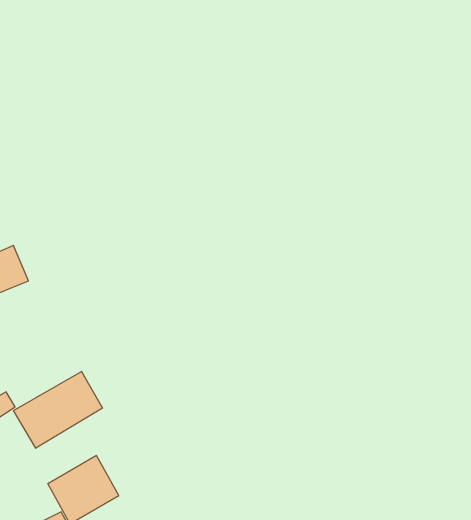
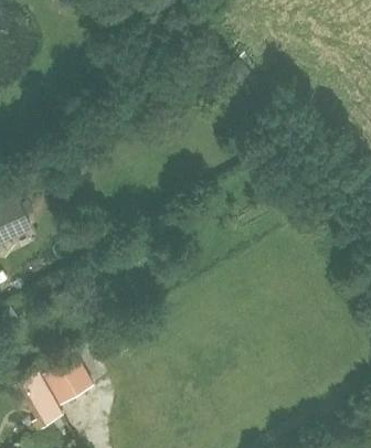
building: [14,371,103,448] -> none

